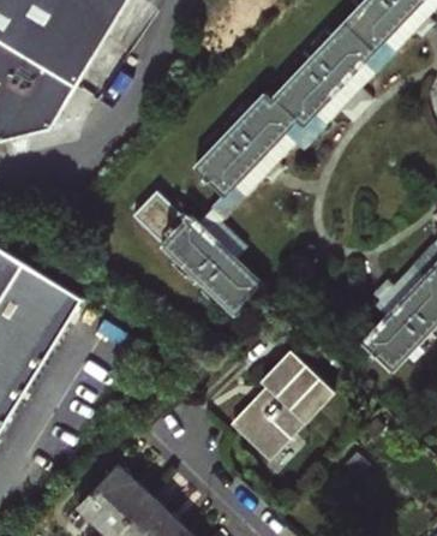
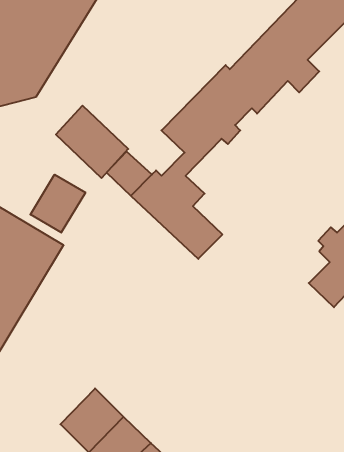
building: none -> [56,106,128,178]
building: none -> [30,175,85,233]
building: [229,352,334,457] -> none

